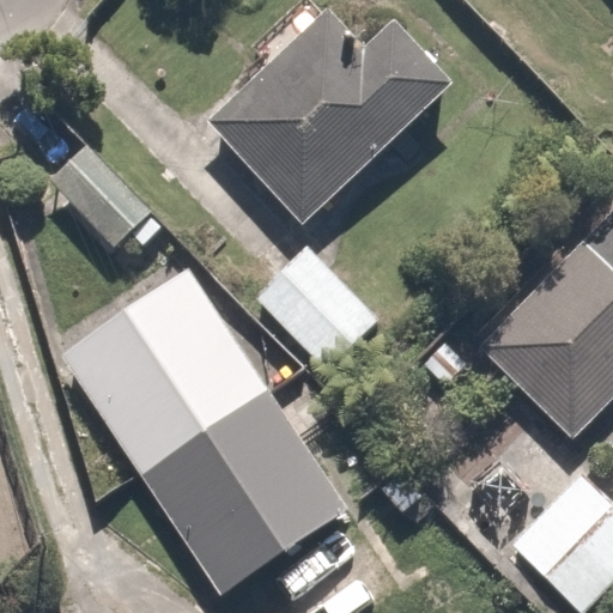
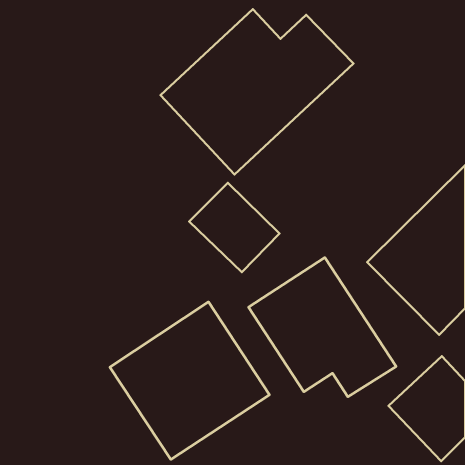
building: [61,268,271,477] -> none
building: none -> [249,257,396,397]

